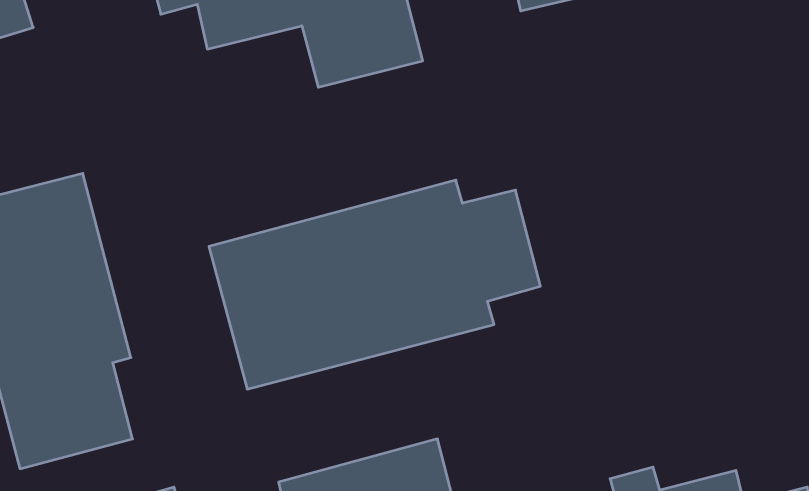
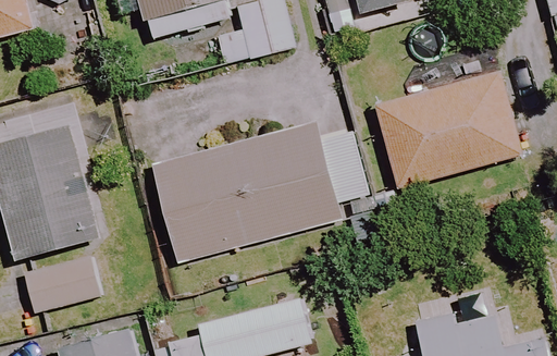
building: none -> [375,72,520,188]

